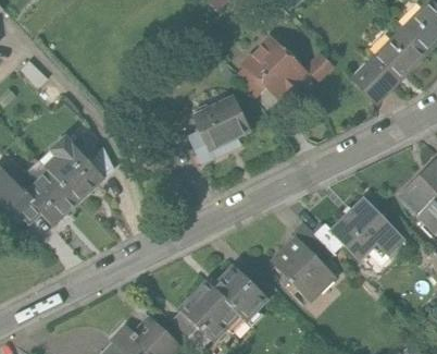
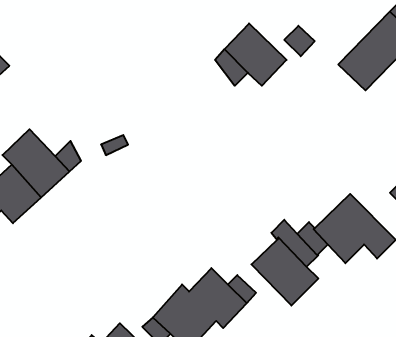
building: [190,98,248,155] -> none

